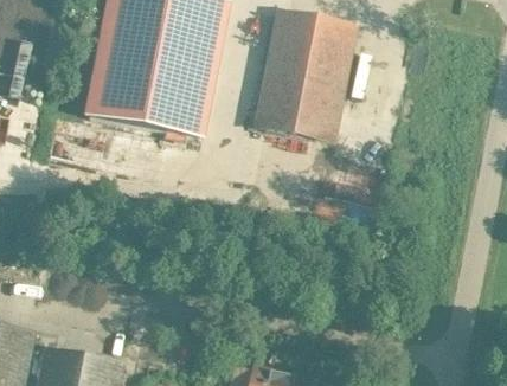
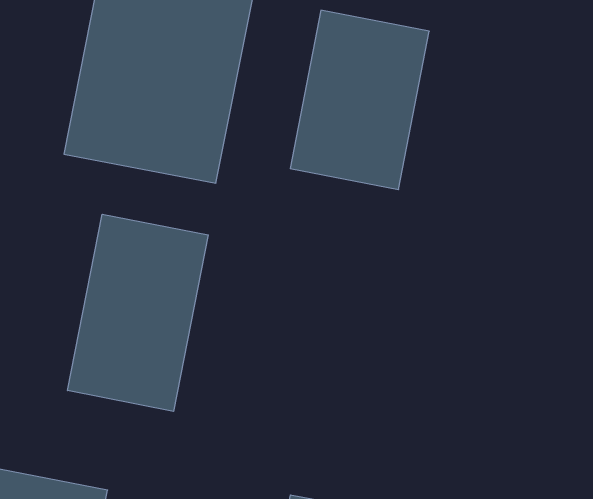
building: none -> [68,214,208,411]

